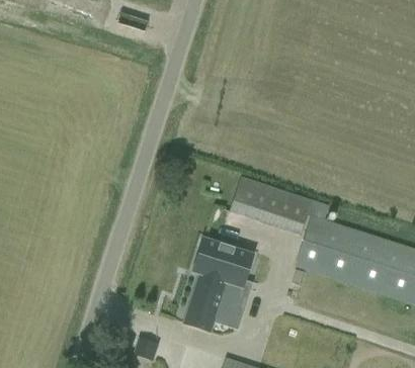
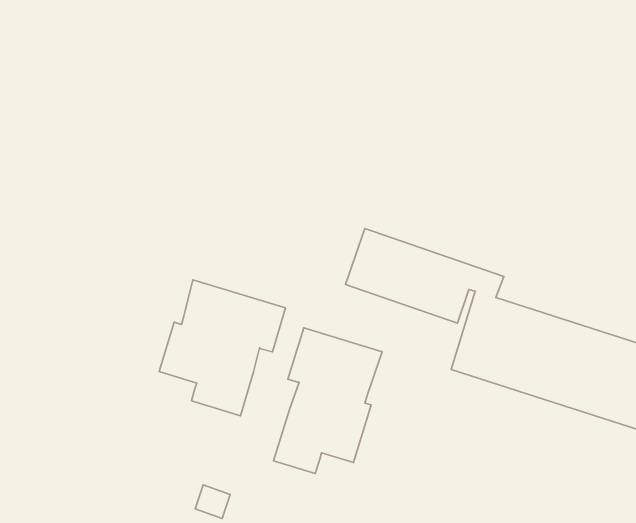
building: none -> [159,280,286,416]

